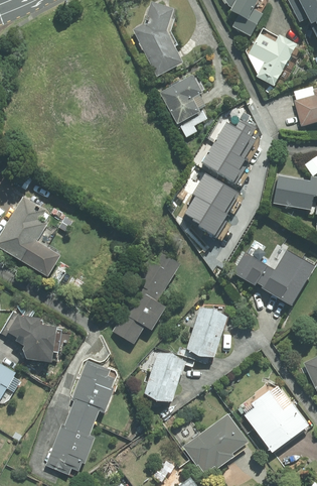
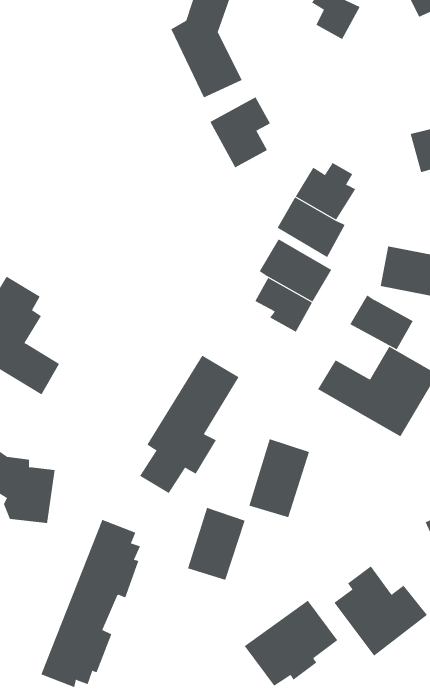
building: [249,33,296,86] -> none
building: none -> [349,294,413,350]

